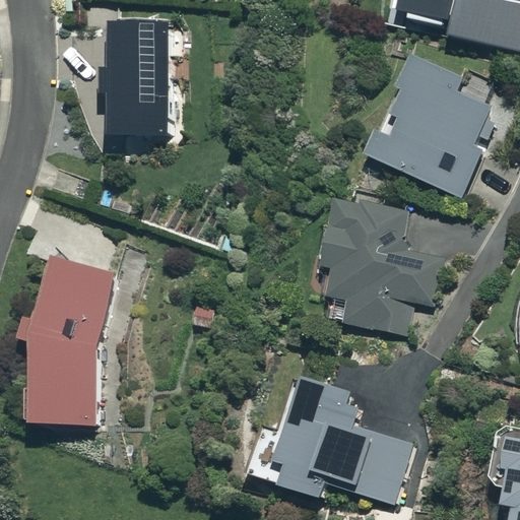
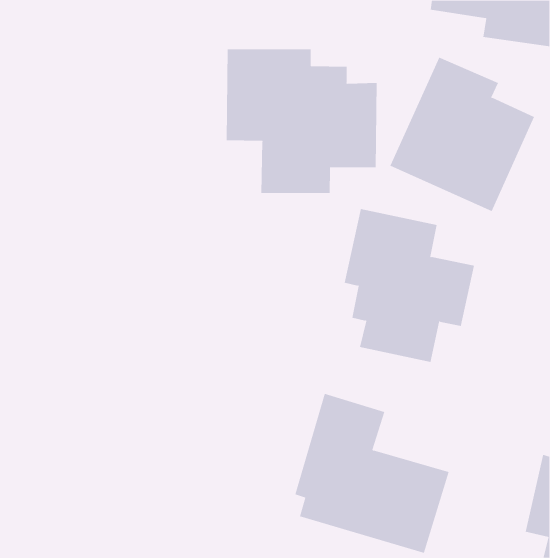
building: [98,27,165,139] -> none
building: none -> [226,49,377,194]
building: [31,254,114,426] -> none

